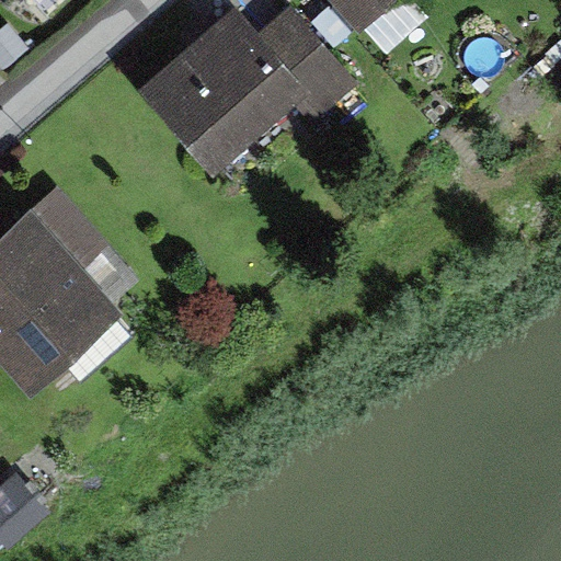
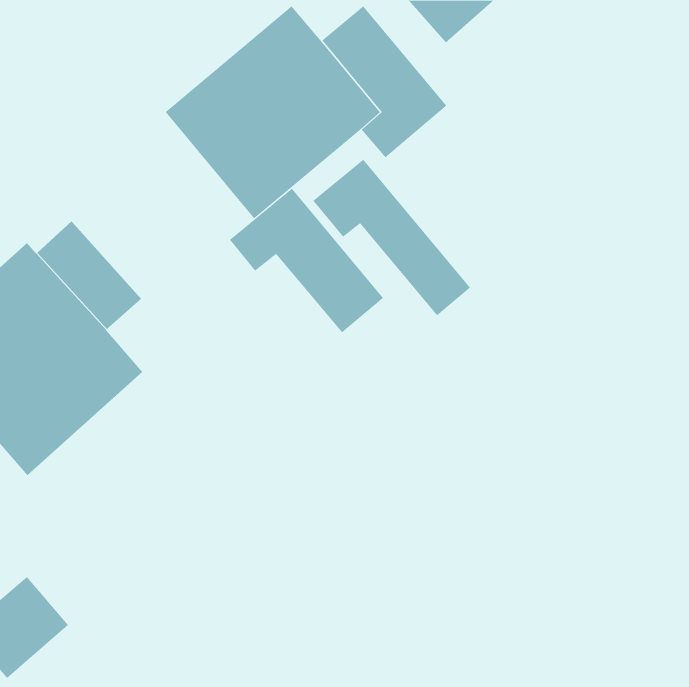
building: none -> [313,159,471,316]
building: none -> [229,188,384,333]

